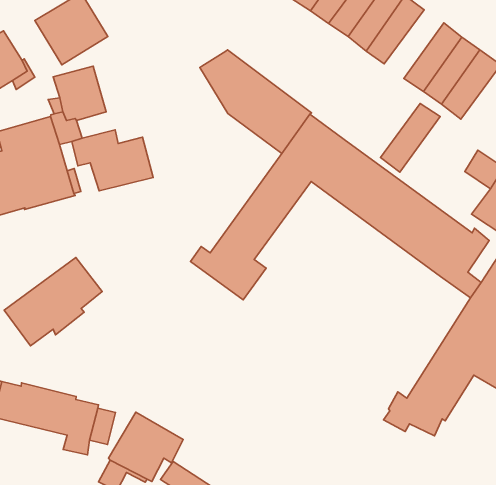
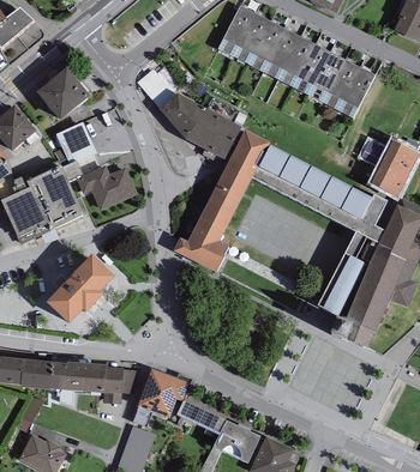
building: none -> [137,67,176,109]
building: none -> [84,105,133,161]
building: [380,103,440,172] -> [292,44,330,96]
building: none -> [317,234,379,325]

